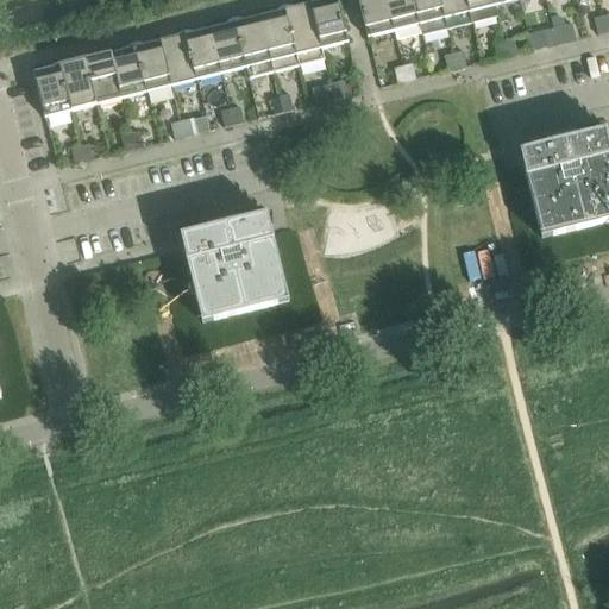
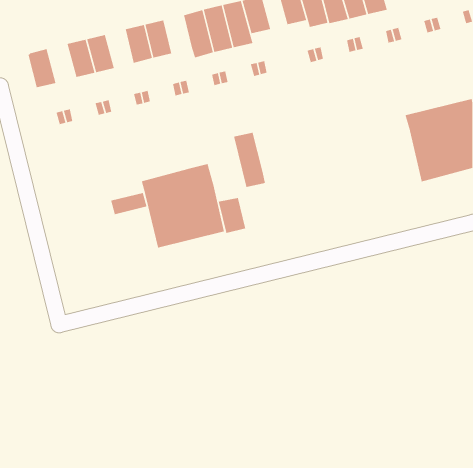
building: [211,19,246,69] -> none
building: [136,37,171,88] -> none
building: [61,56,98,107] -> none
building: none -> [233,132,266,188]
building: none -> [110,192,147,215]
building: none -> [218,197,246,234]

